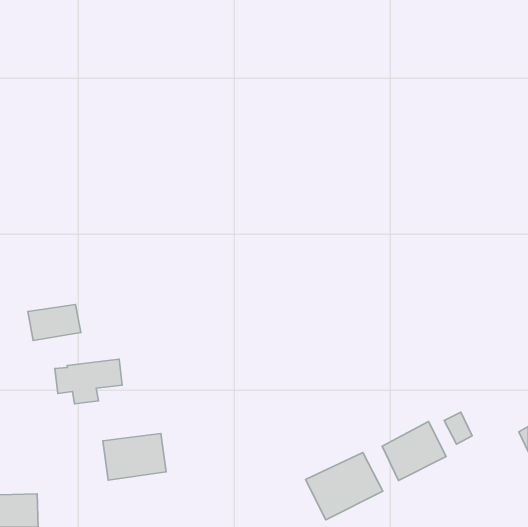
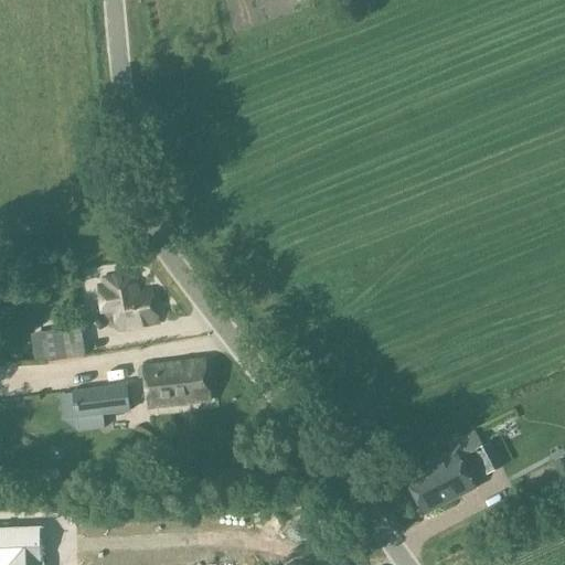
building: none -> [97,271,158,328]
building: [103,434,166,480] -> [142,356,210,406]
building: [305,452,383,520] -> none

